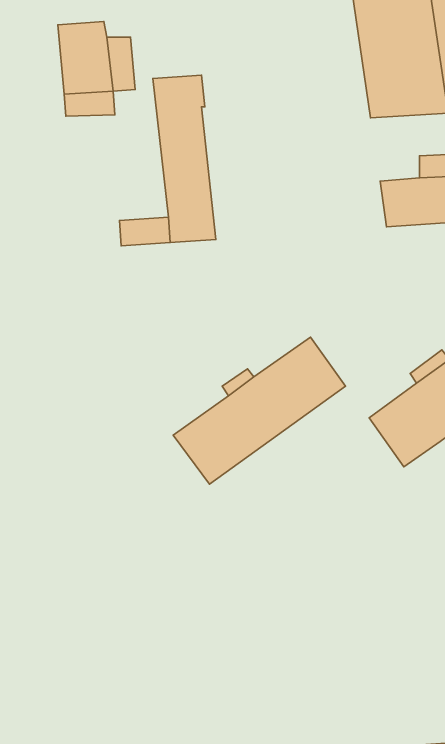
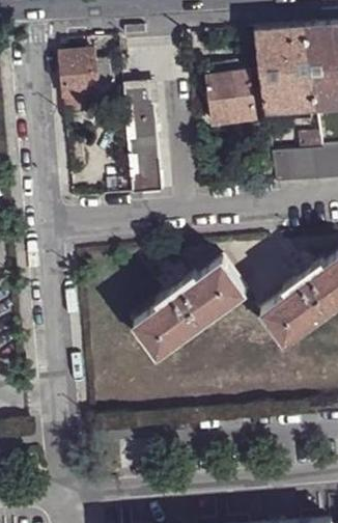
building: none -> [204,73,253,122]

